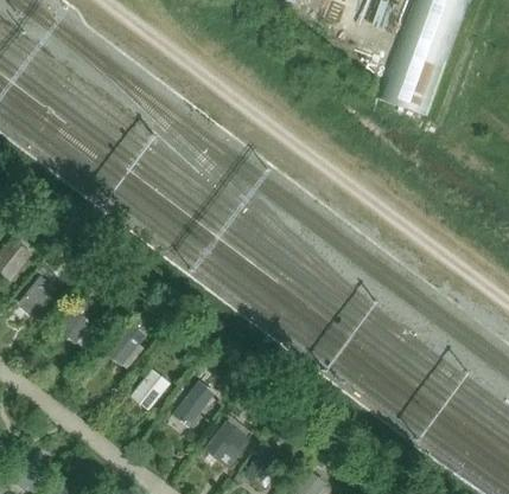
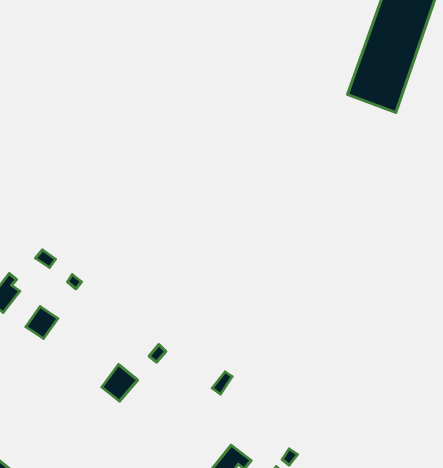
building: [106,323,145,365] -> none
building: [172,380,214,426] -> none
building: [203,421,250,460] -> none

